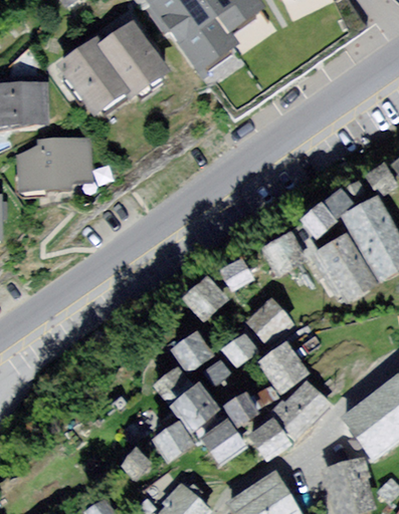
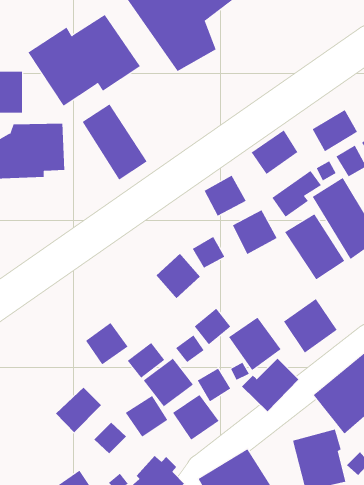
building: none -> [82,103,148,180]
building: none -> [312,109,358,152]
building: none -> [251,129,298,175]
building: none -> [204,175,246,216]
building: [245,295,295,345] -> none
building: none -> [283,298,338,353]
building: [172,327,216,371] -> [85,322,129,365]
building: none -> [55,387,102,433]
building: [247,415,292,460] -> none

